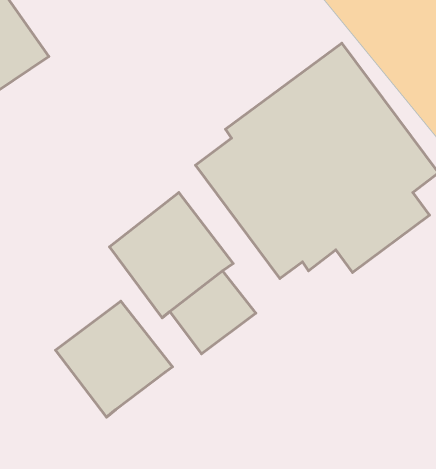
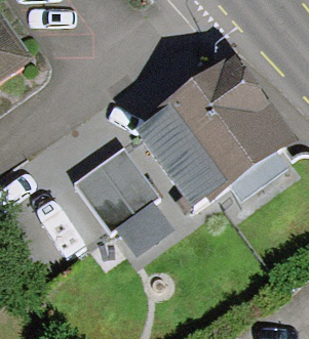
building: [55,301,172,417] -> none

